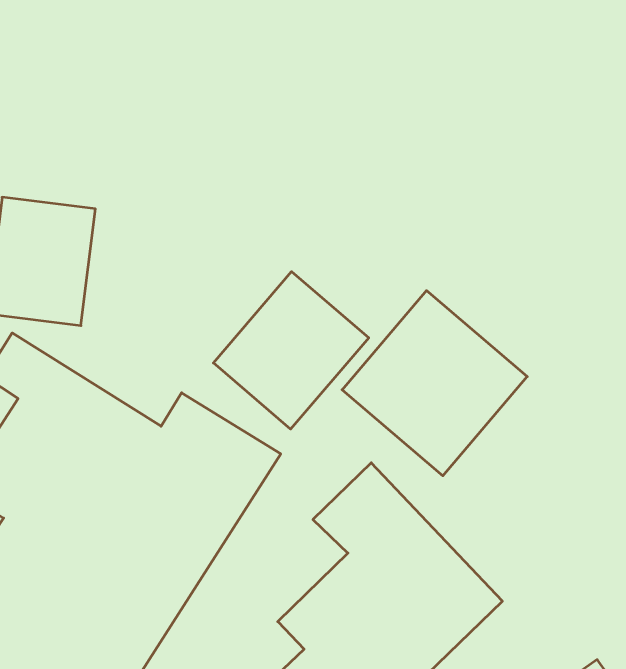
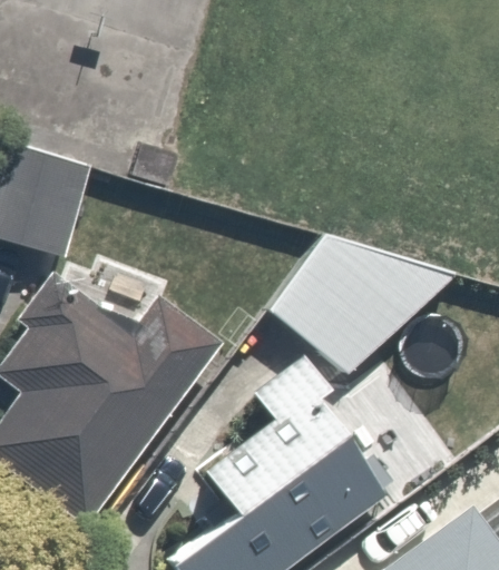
building: [213,272,369,429] -> none

